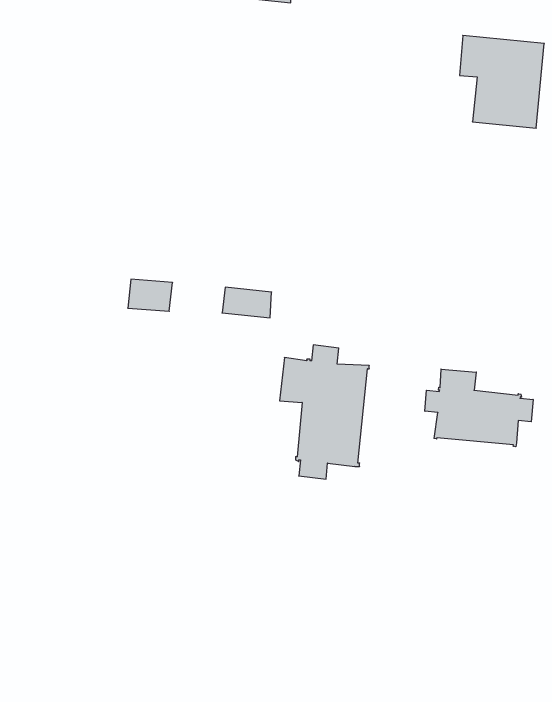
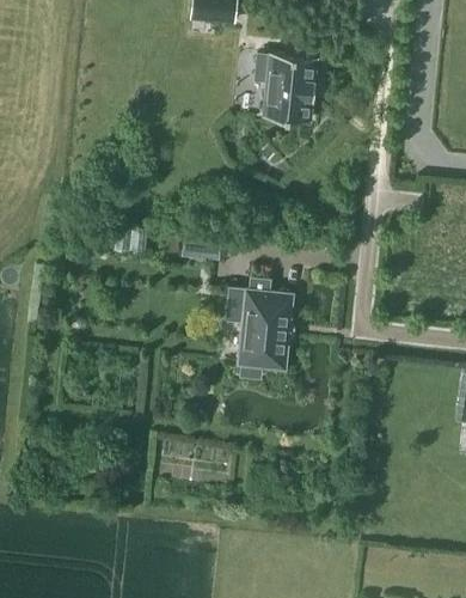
building: [460,35,544,128] -> [256,53,319,122]
building: [425,369,533,447] -> none

